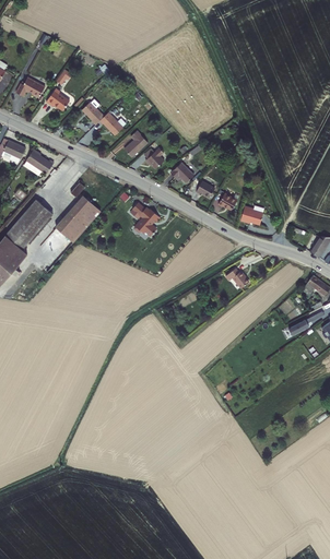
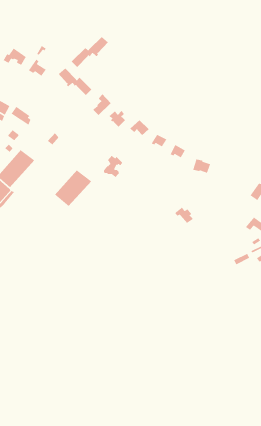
building: none -> [71,36,109,68]
building: [58,193,104,238] -> [54,169,92,207]

